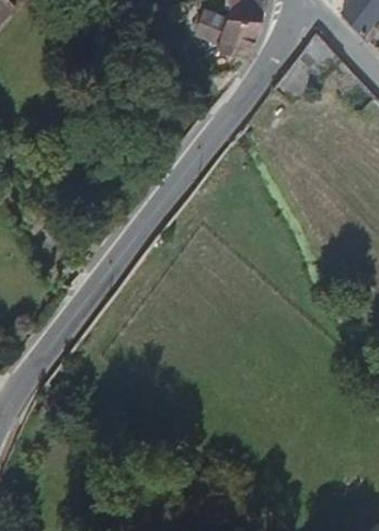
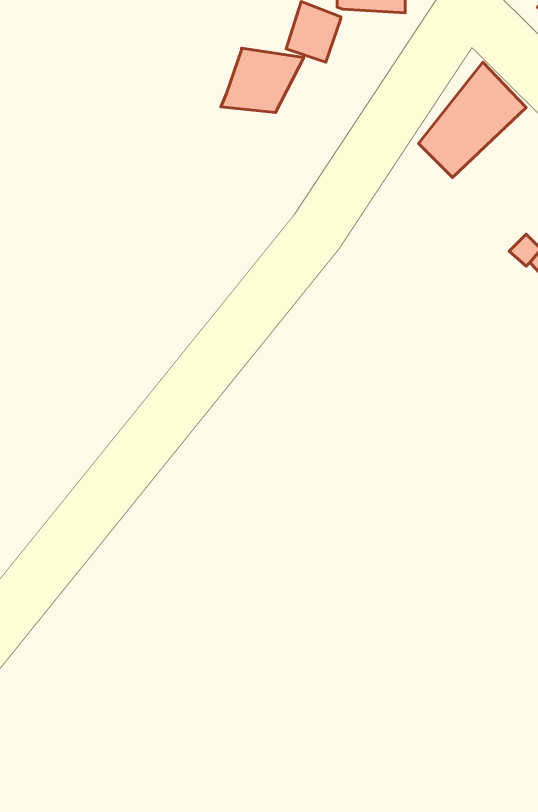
building: [217,19,265,56] -> [221,48,304,112]

